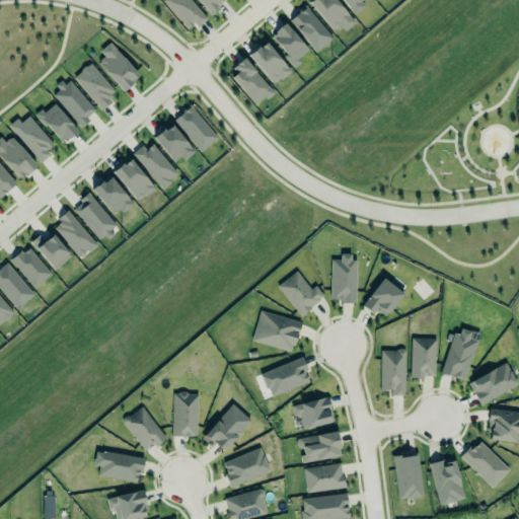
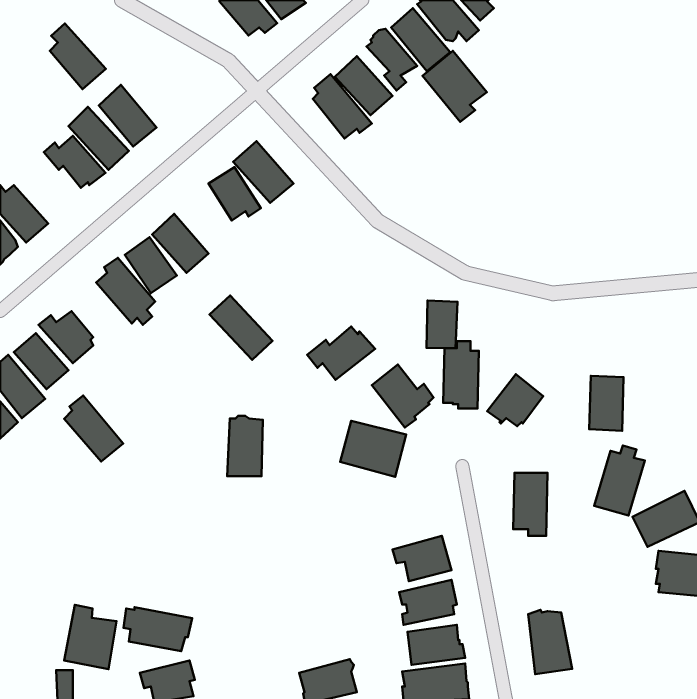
building: none -> [423,51,487,122]
building: [100,44,142,92] -> [50,23,106,89]
building: [11,118,58,161] -> none
building: [134,142,180,190] -> [210,295,273,360]
building: [55,210,98,258] -> [64,396,123,461]
building: none -> [426,300,458,348]
building: none -> [307,327,375,380]
building: [413,339,438,379] -> [589,376,624,431]
building: [261,357,308,396] -> none
building: [172,391,199,436] -> [227,416,263,476]
building: [204,403,251,450] -> none
building: [124,407,168,453] -> none
building: [460,441,510,487] -> none
building: [224,447,270,487] -> none
building: none -> [64,605,116,669]
building: [430,457,466,506] -> none

